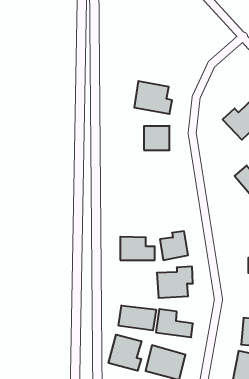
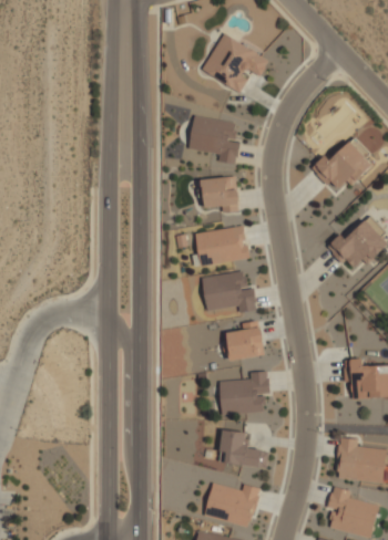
building: none -> [202,32,270,93]
building: none -> [195,226,248,264]
building: [120,237,155,260] -> [206,274,254,307]
building: [119,305,156,330] -> none
building: [109,335,141,371] -> none

